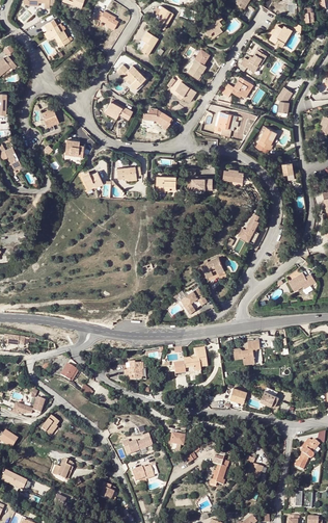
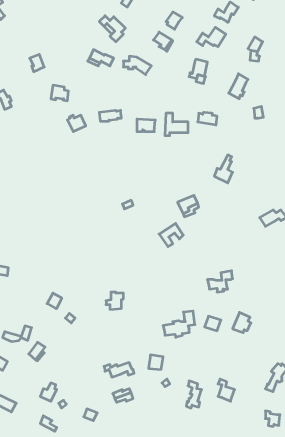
building: [172,347,207,375] -> [163,311,195,337]

